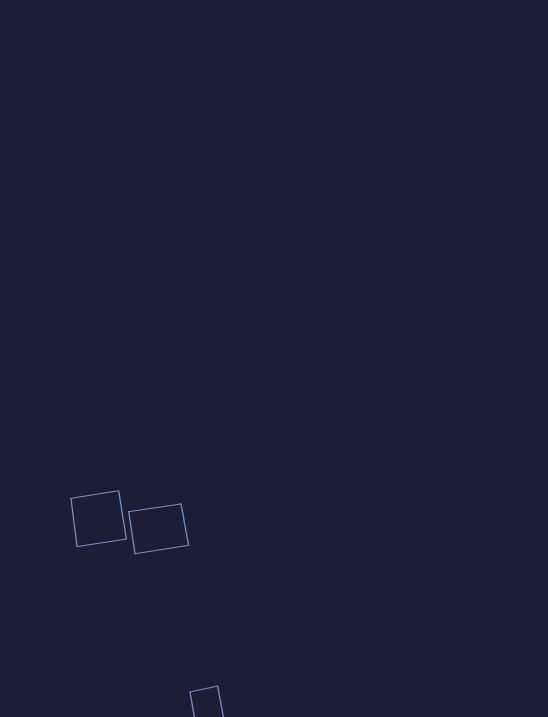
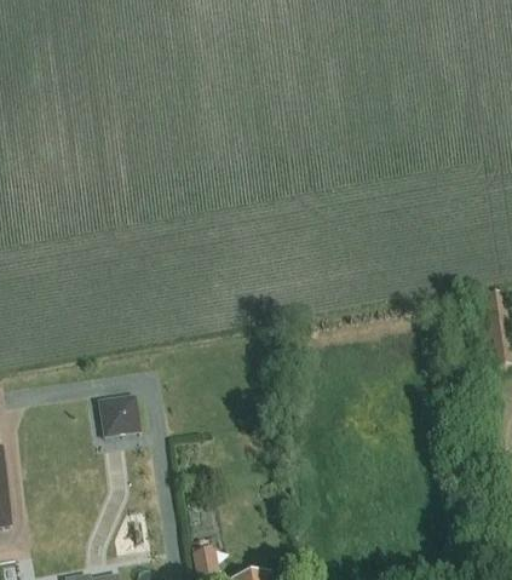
building: [129,504,189,554] -> none

